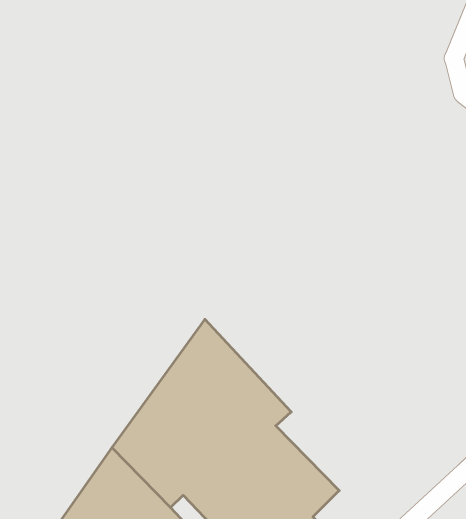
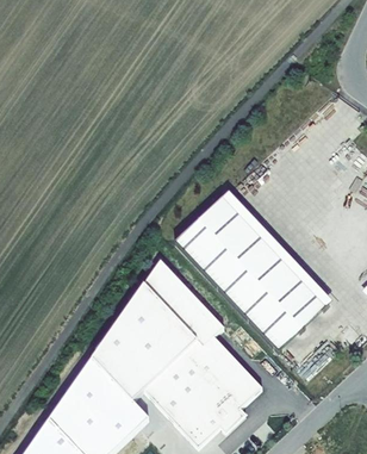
building: none -> [176,192,330,349]

